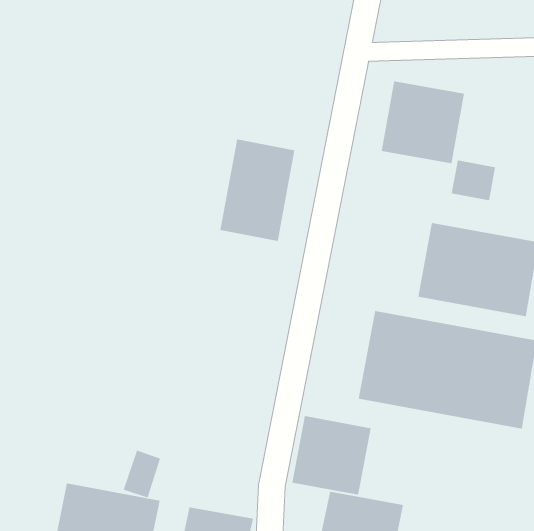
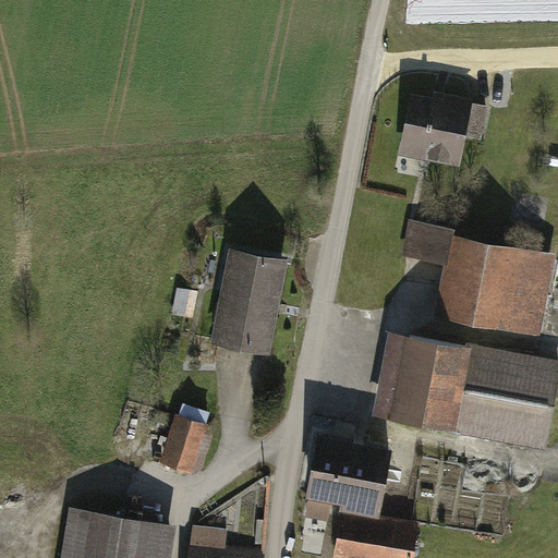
building: [220,139,295,242] -> [207,251,286,357]
building: [451,160,496,201] -> [405,220,452,263]
building: [123,450,161,498] -> [159,424,198,474]

